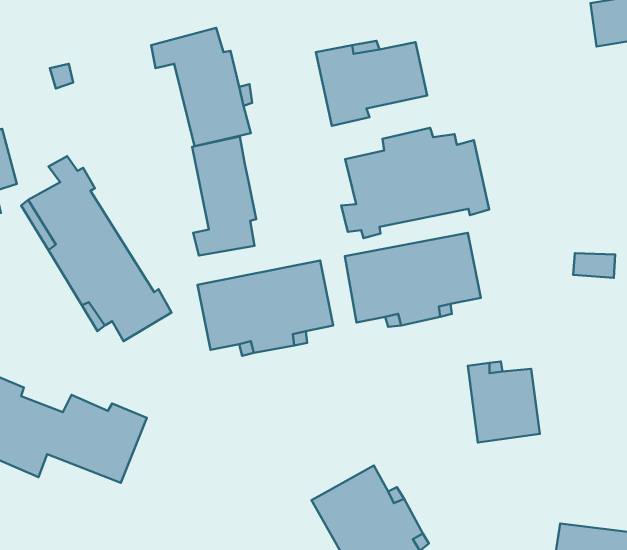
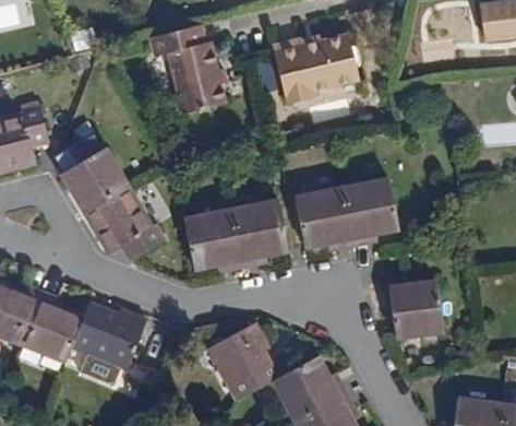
building: [341,128,489,238] -> none
building: [192,136,256,256] -> none
building: none -> [207,322,278,401]

